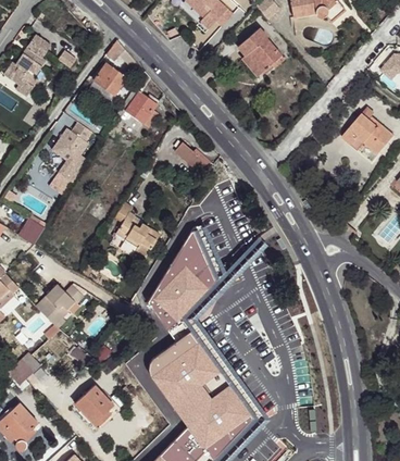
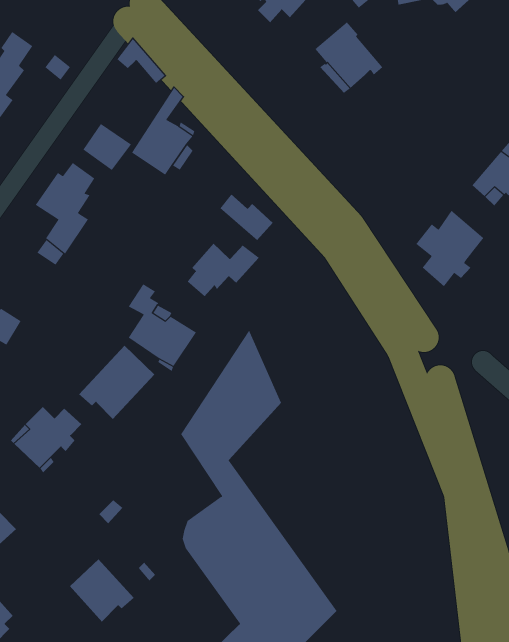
building: [93,63,126,95] -> [83,123,132,171]
building: none -> [416,210,484,287]
building: none -> [187,243,259,297]
building: none -> [78,345,155,420]

